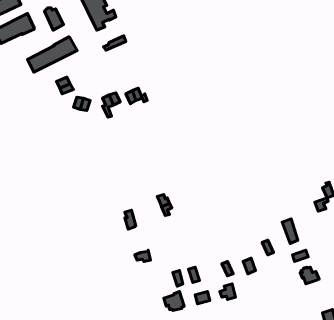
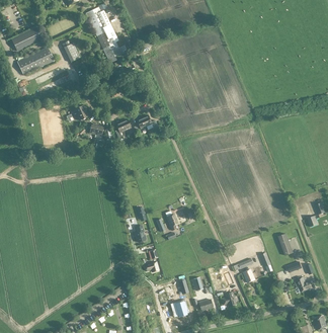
building: [28,37,77,72] -> none

